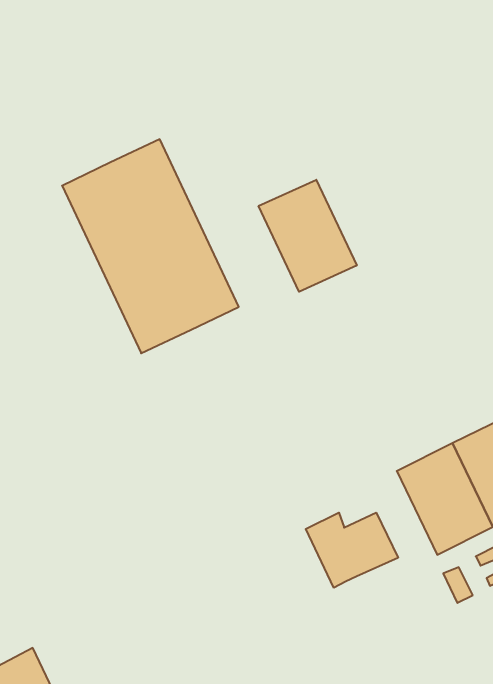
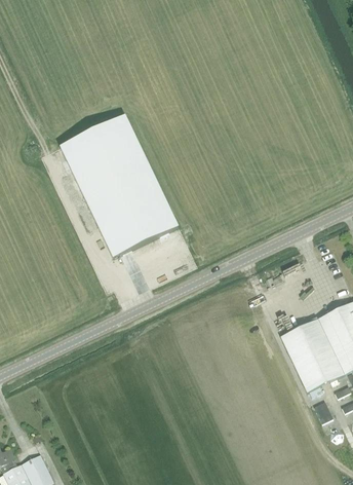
building: [259,180,357,292] -> none
building: [306,513,398,588] -> none

